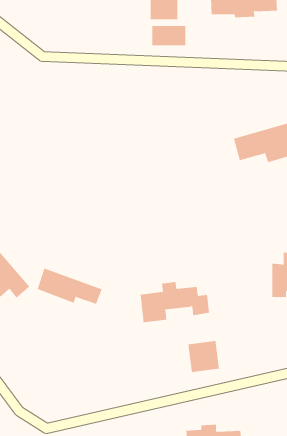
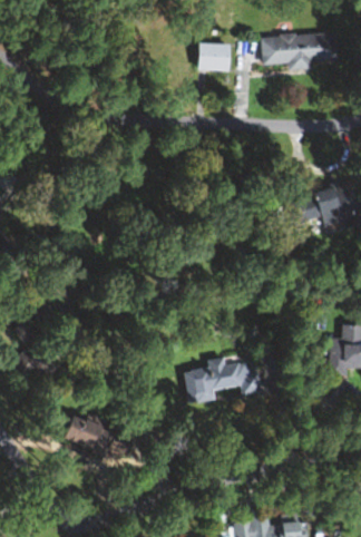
building: [152,25,186,46] -> none
building: [37,268,103,304] -> [61,413,134,453]
building: [188,340,220,373] -> none

